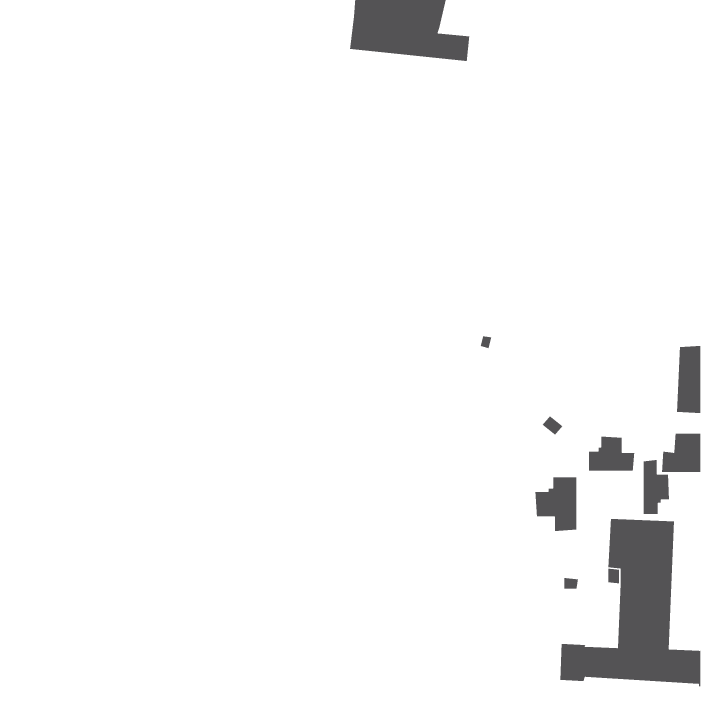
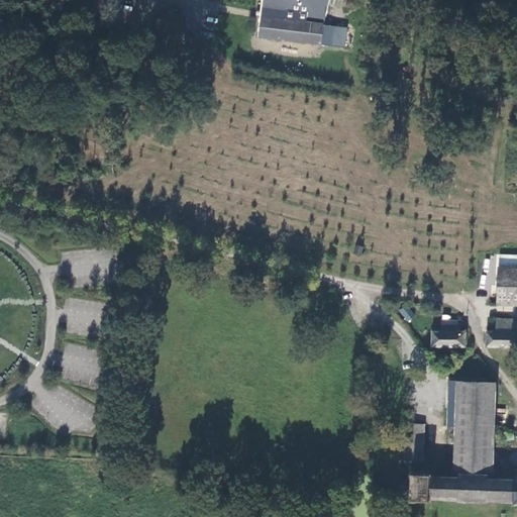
building: [643,459,670,515] -> none
building: [535,477,577,532] -> none

